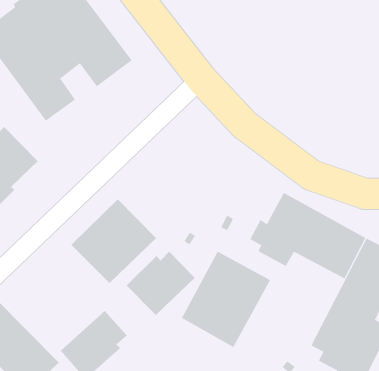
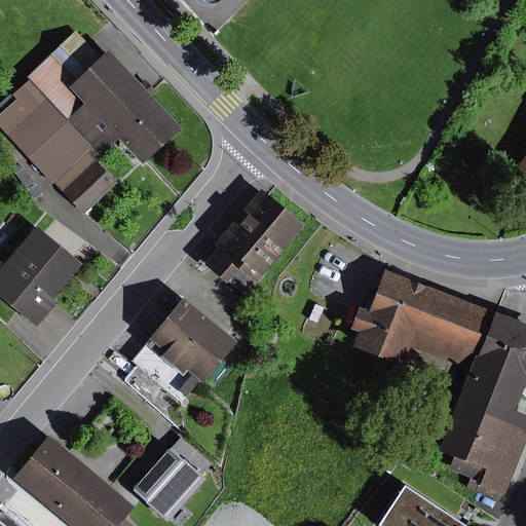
building: none -> [203,188,304,285]
building: [181,251,271,348] -> none
building: [126,251,195,316] -> none

